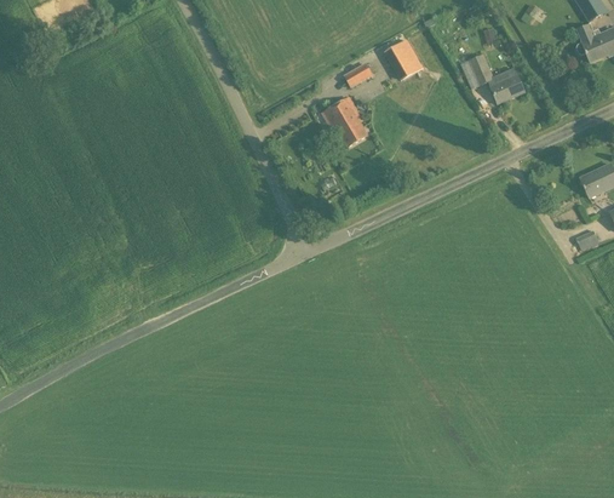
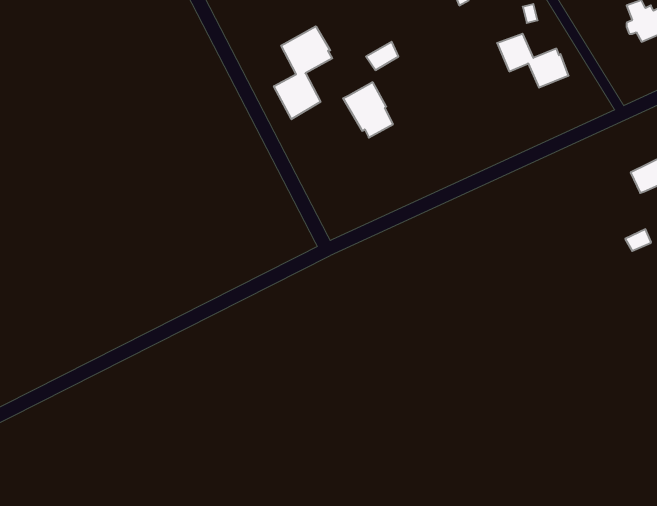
building: [384,39,424,81] -> none
building: none -> [274,26,332,119]

